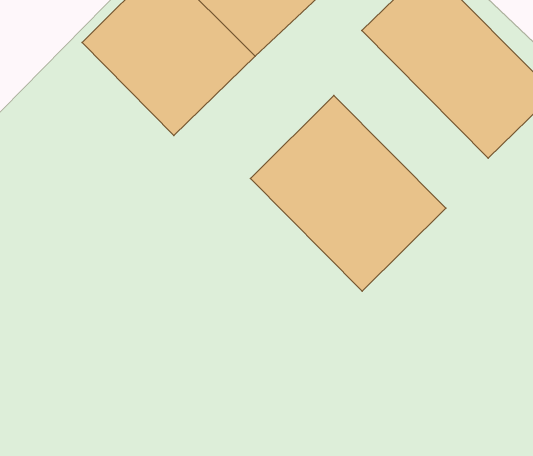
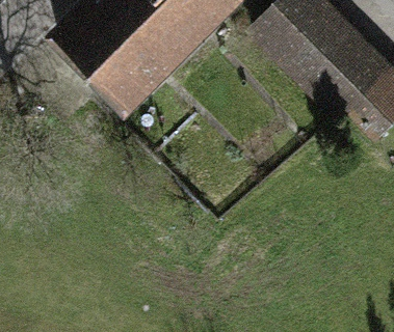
building: [250,95,446,291] -> none

